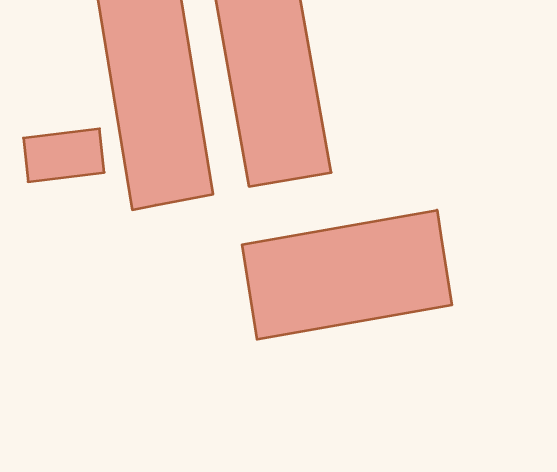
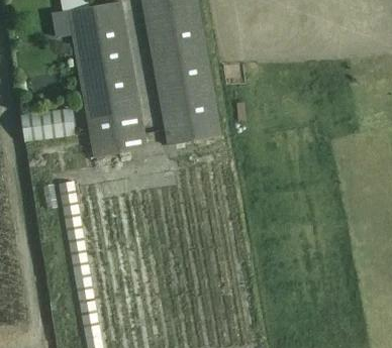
building: [242,210,452,339] -> none

